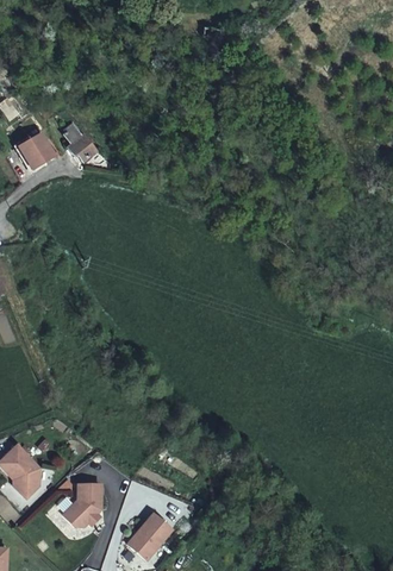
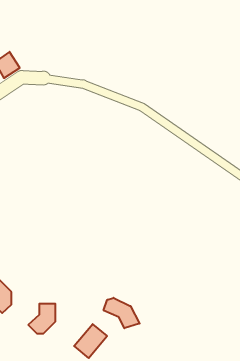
building: [63,121,105,161] -> none
building: none -> [104,298,140,328]

